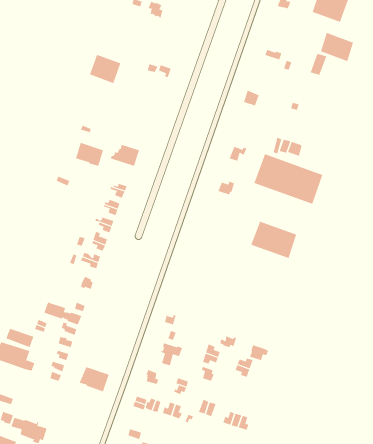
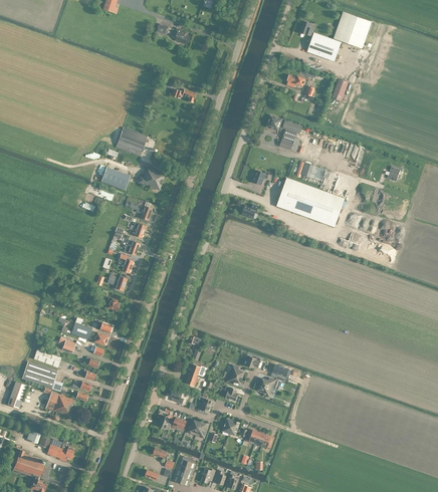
building: [320,32,354,62] -> [307,32,341,61]
building: [89,54,121,84] -> [117,128,148,157]
building: none -> [280,121,301,152]
building: [251,221,297,259] -> none
building: [79,366,110,392] -> [45,392,75,417]

